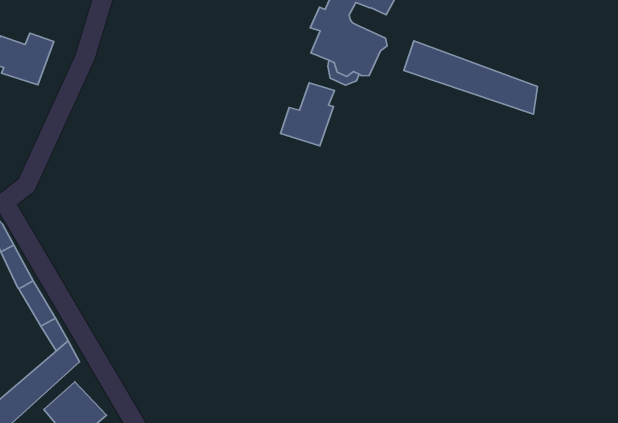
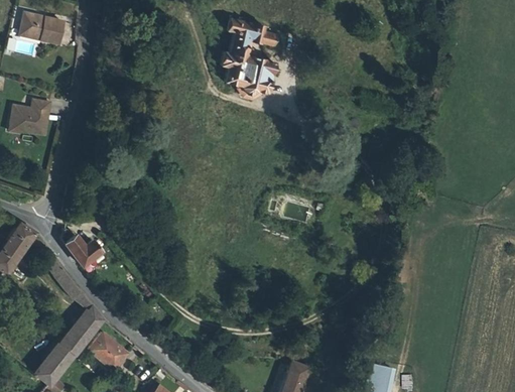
building: [404,41,537,114] -> none
building: [281,83,334,146] -> none
building: none -> [67,235,102,265]

